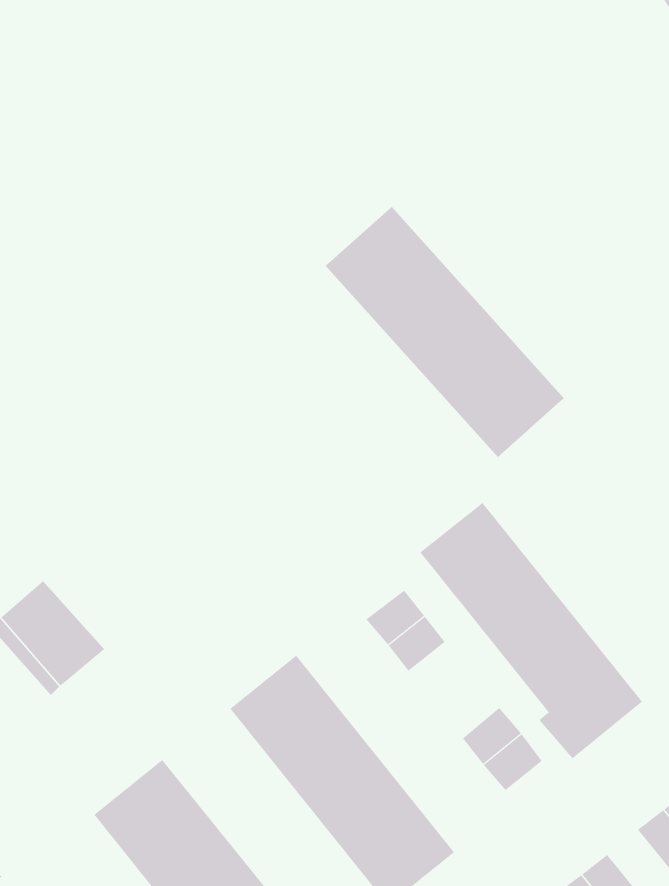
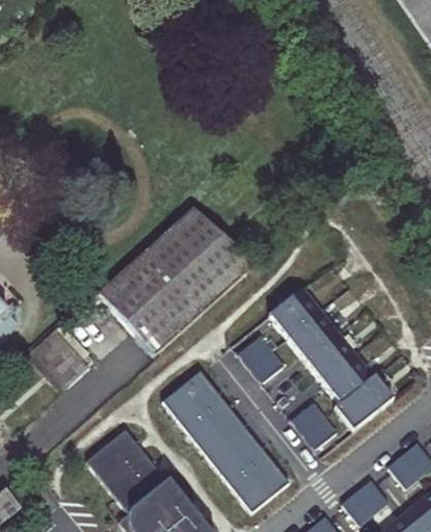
building: [325,206,565,458] -> none
building: none -> [99,206,252,352]

